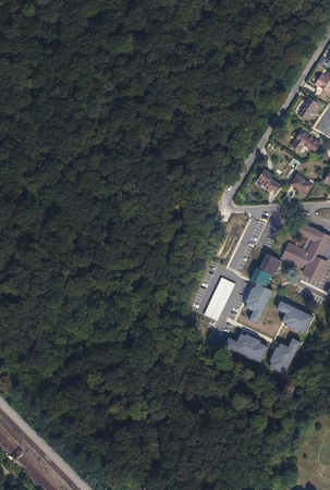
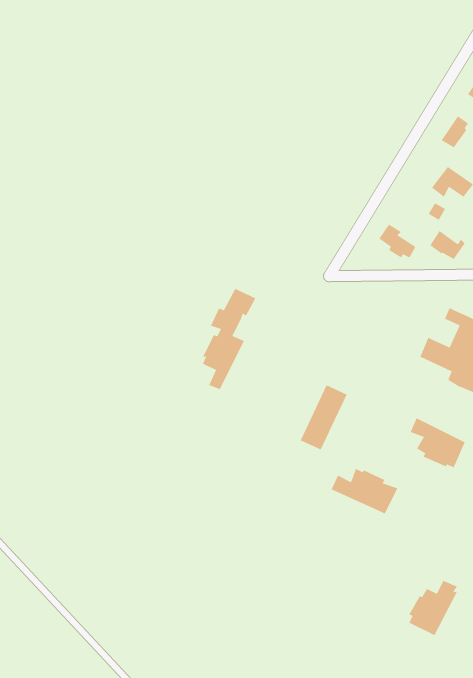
building: [245,255,281,322] -> [202,288,256,390]
building: [269,336,302,373] -> [409,580,458,636]

